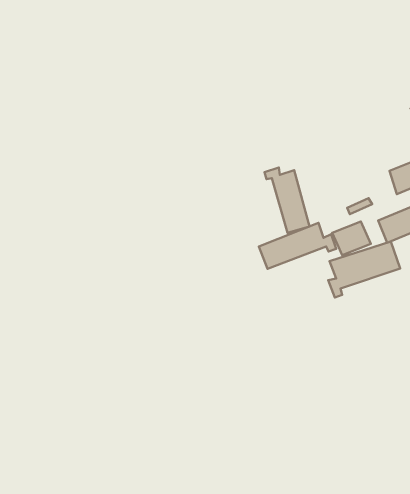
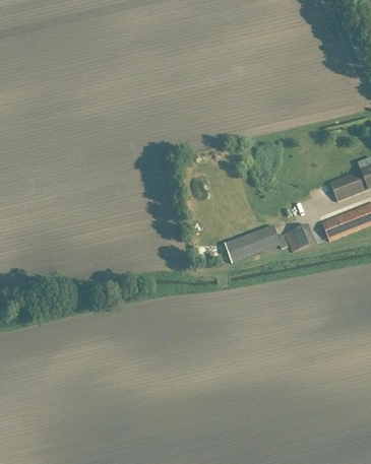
building: [264,167,310,233] -> none
building: [328,242,400,298] -> none

